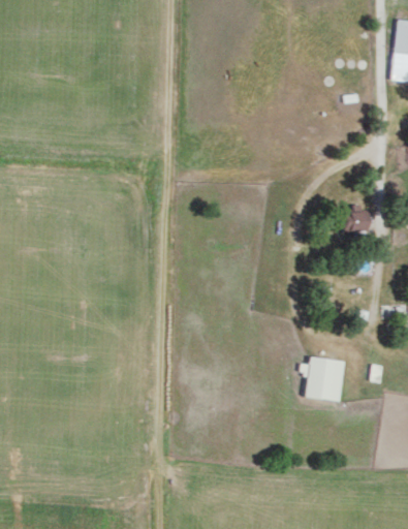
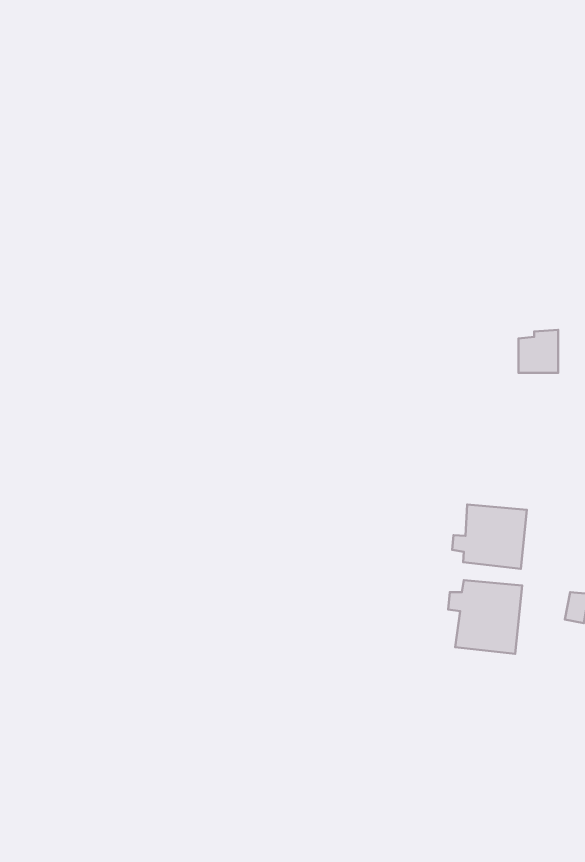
building: none -> [452,505,527,569]

